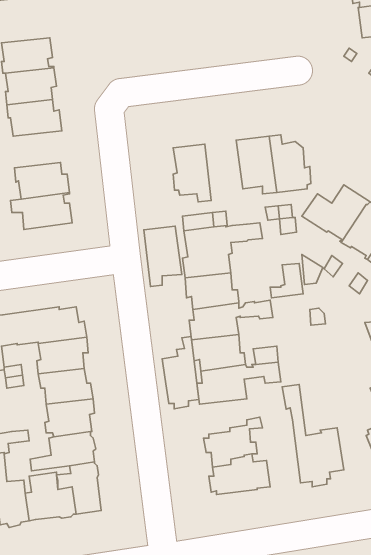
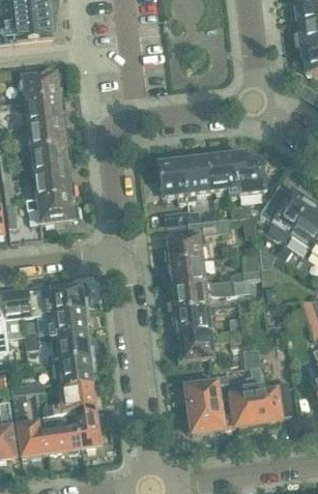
building: none -> [31,145,71,174]
building: [144,226,182,286] -> [182,152,212,200]
building: [162,337,199,409] -> [229,373,258,430]

